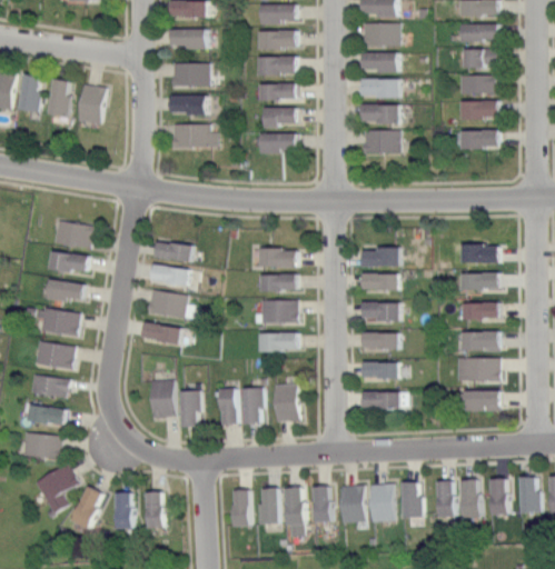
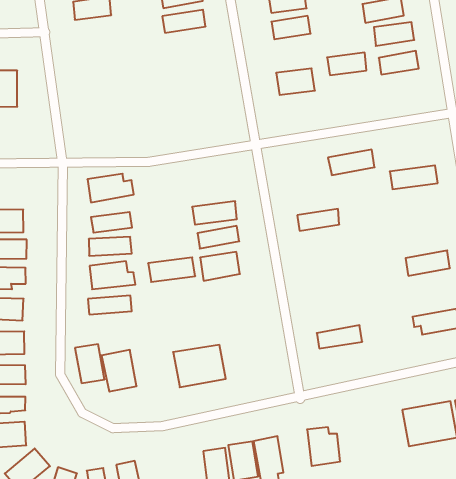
building: [169,62,207,86] -> none
building: [257,83,300,100] -> none
building: [168,96,211,113] -> none
building: [365,104,403,123] -> [327,53,366,75]
building: [267,108,299,128] -> none
building: [170,123,214,147] -> [87,174,134,202]
building: [259,133,299,152] -> none
building: [359,248,404,267] -> [328,150,375,175]
building: [465,272,504,289] -> none
building: [360,302,403,320] -> none
building: [466,302,503,319] -> none
building: [257,332,301,352] -> [148,257,195,282]
building: [360,332,402,349] -> none
building: [454,358,498,381] -> none
building: [361,362,402,379] -> none
building: [269,385,298,421] -> none
building: [178,391,202,427] -> [75,344,105,383]
building: [399,483,423,518] -> none
building: [367,485,395,522] -> none
building: [310,487,335,522] -> none

